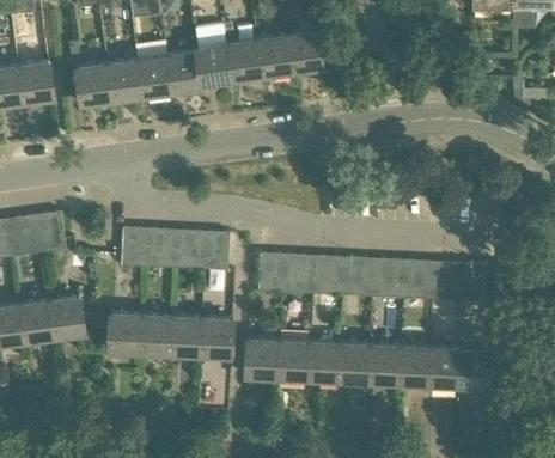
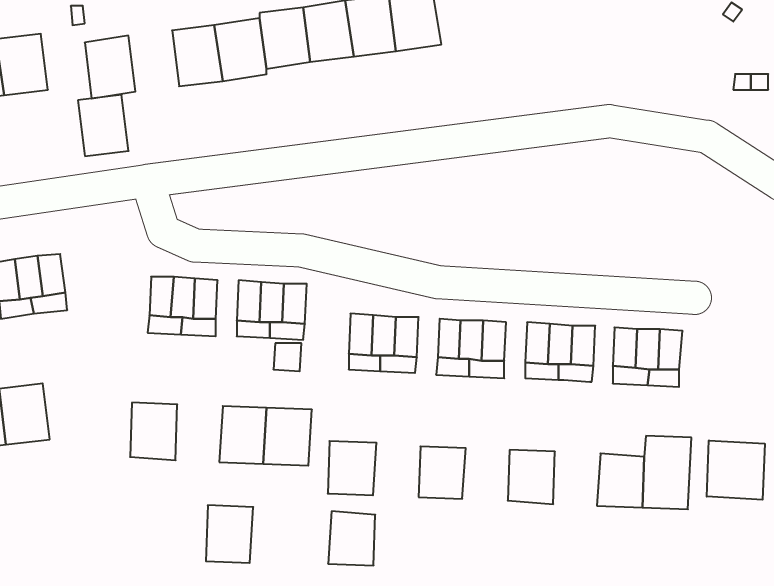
building: [106,59,141,100] -> [78,95,129,156]
building: [48,295,84,338] -> none
building: [139,315,171,354] -> [206,505,253,563]
building: none -> [707,440,765,500]
building: [274,341,306,378] -> [328,511,375,565]
building: [335,344,367,380] -> none
building: [397,347,429,384] -> none

